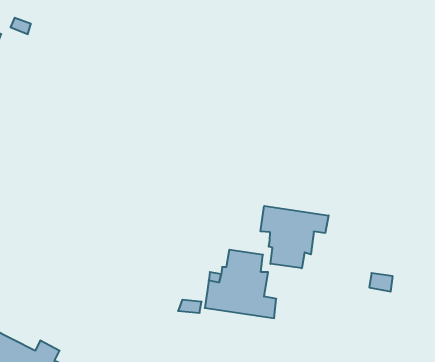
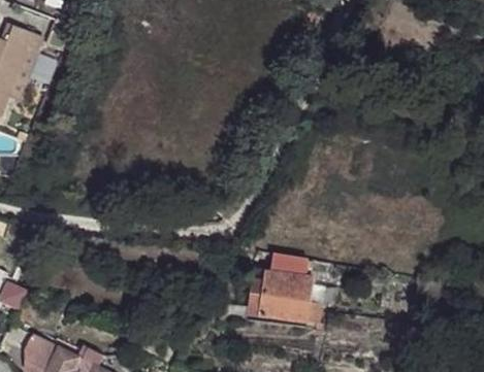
building: [261,206,329,268] -> none

